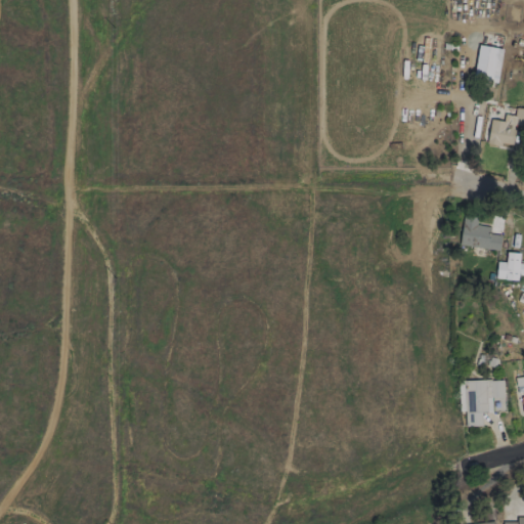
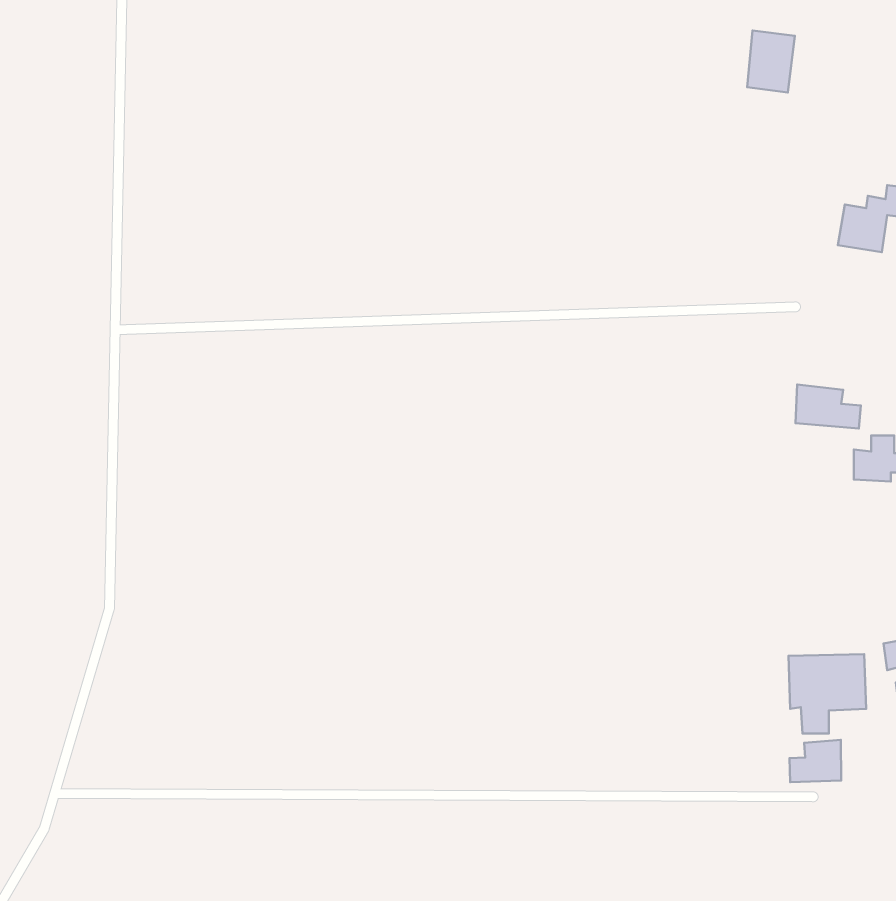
building: [477,45,505,81] -> [747,31,795,92]
building: none -> [789,740,841,782]

